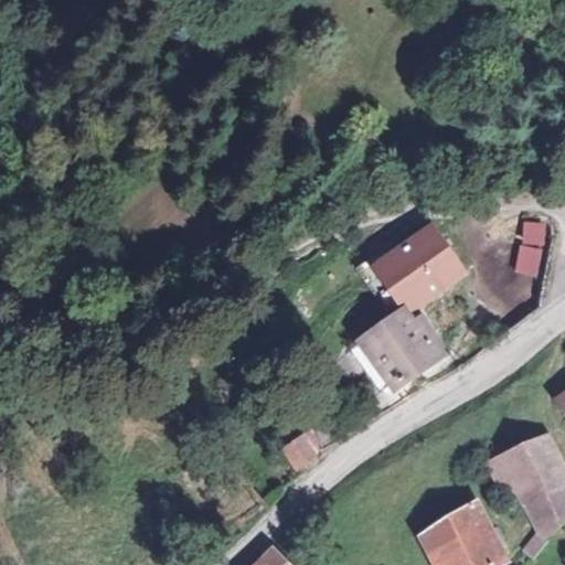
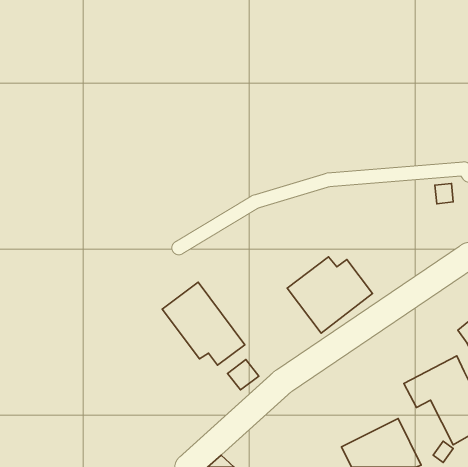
building: [375,234,452,306] -> none
building: none -> [162,282,245,365]

